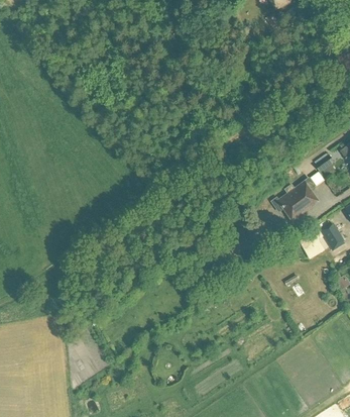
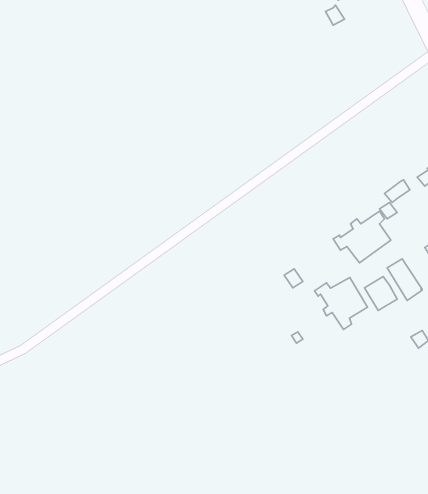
building: none -> [314,277,367,329]

